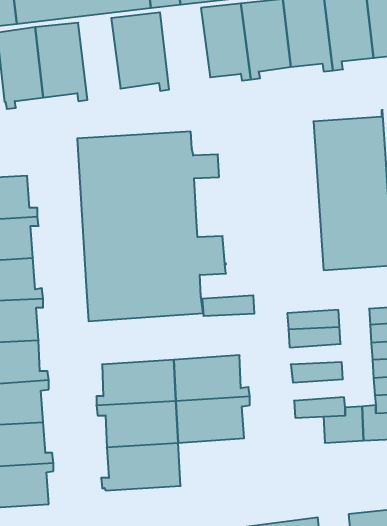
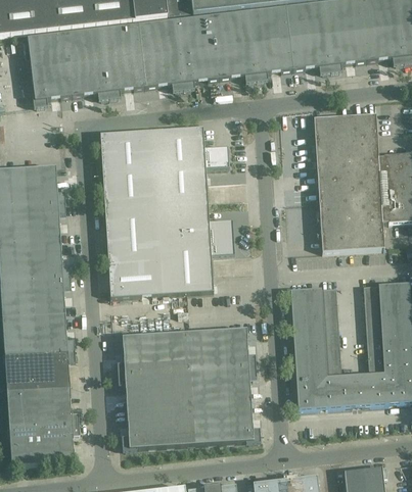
building: none -> [175,15,220,89]
building: none -> [101,24,139,98]
building: [202,295,254,316] -> [291,317,338,336]
building: none -> [294,349,340,368]
building: none -> [296,383,323,408]
building: none -> [191,402,260,445]

